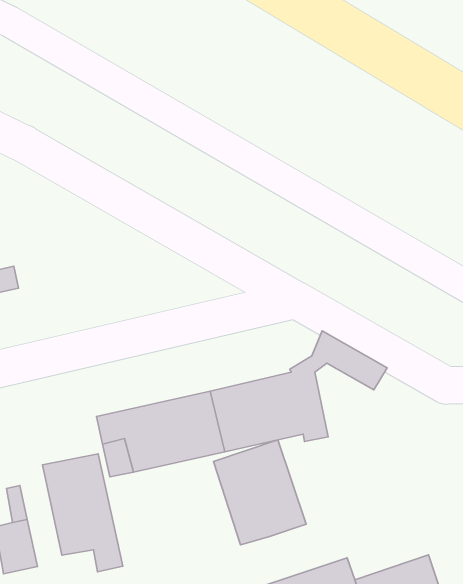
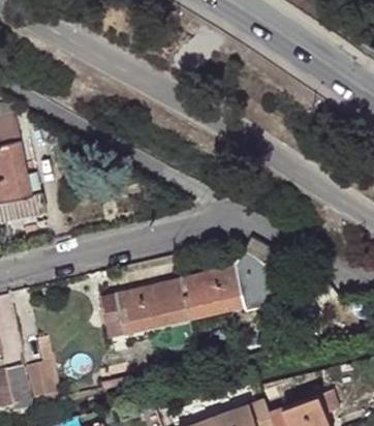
building: [213,440,306,545] -> none
building: [42,454,123,572] -> none

